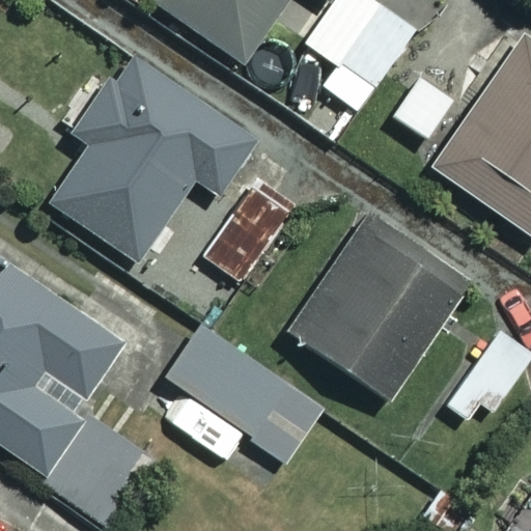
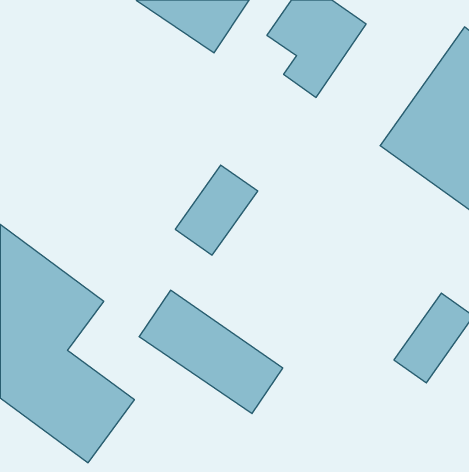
building: [52,55,253,259] -> none
building: [290,216,465,397] -> none

